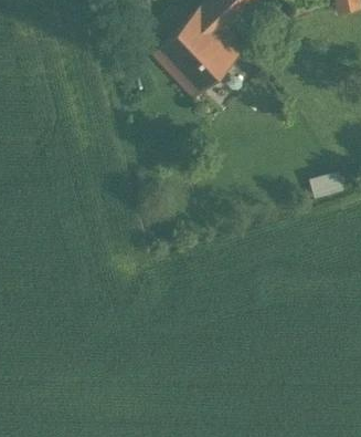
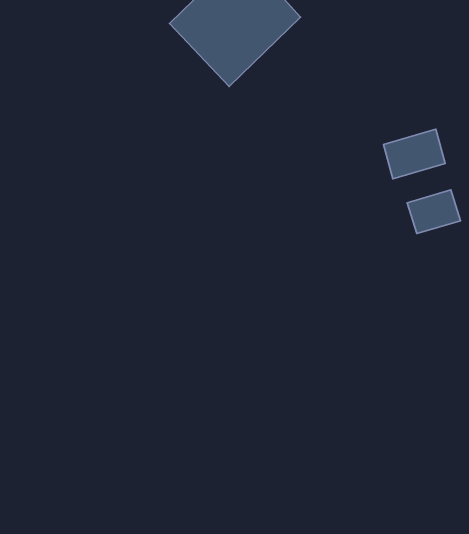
building: none -> [383,129,445,179]

